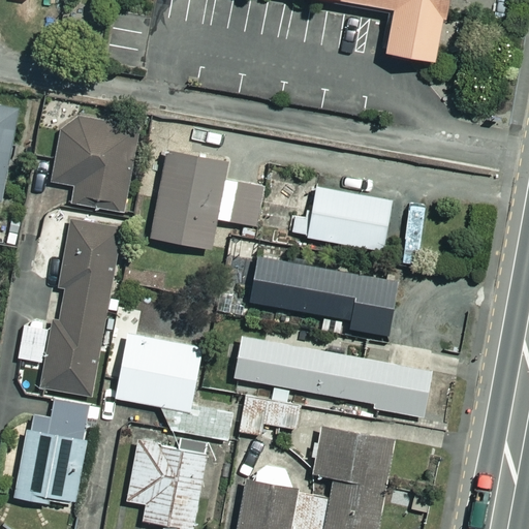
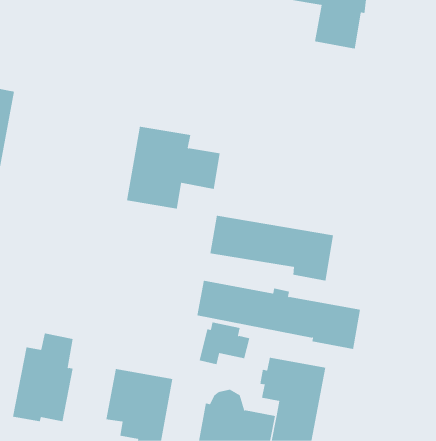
building: [52,119,135,214] -> none
building: [290,187,393,251] -> none
building: [15,218,121,397] -> none
building: [117,334,231,439] -> none

